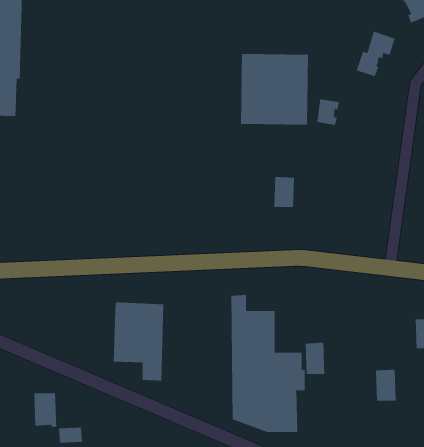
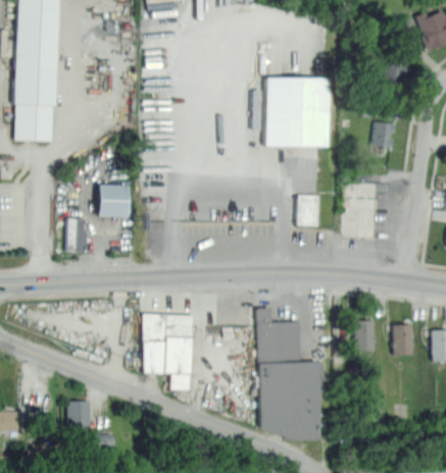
building: [316,99,340,125] -> [373,122,395,148]
building: none -> [98,186,127,217]
building: none -> [65,218,86,253]
building: [305,342,325,374] -> [354,321,374,352]
building: [375,369,397,401] -> [392,325,412,356]

